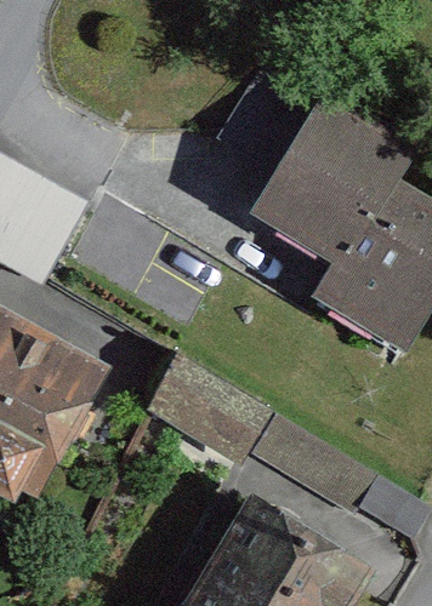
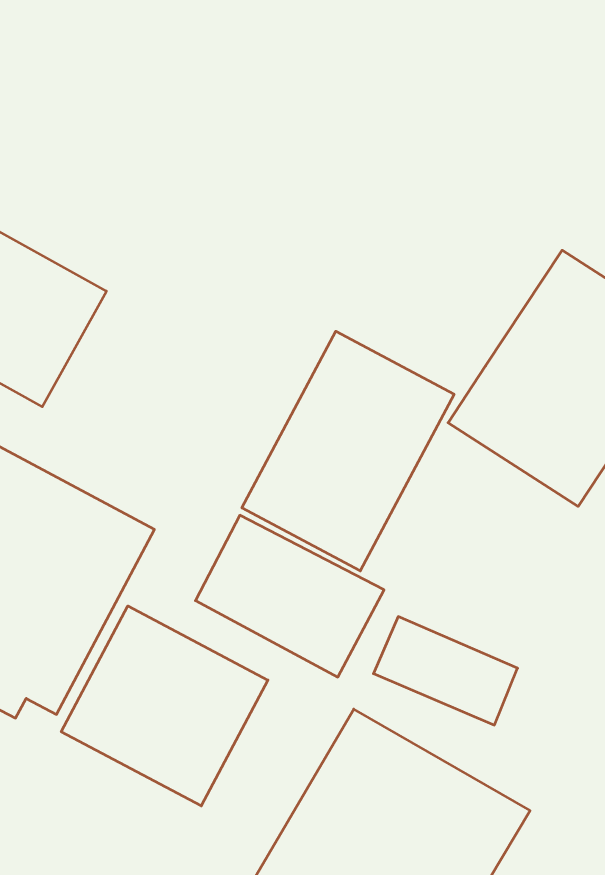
building: [251,91,414,258] -> none
building: none -> [242,331,454,571]
building: none -> [61,606,268,806]

